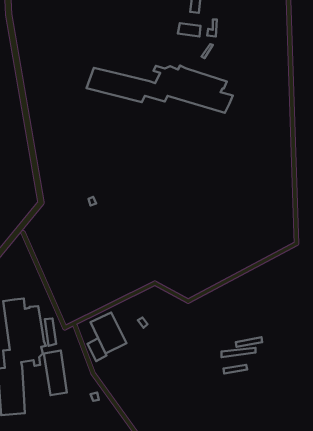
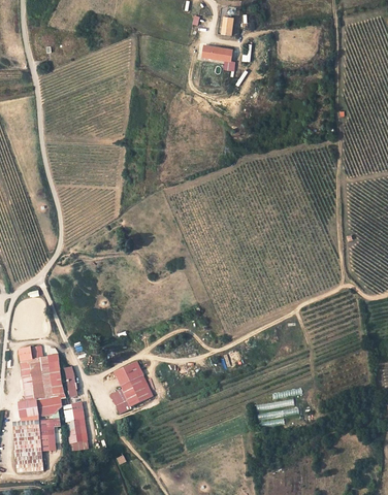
building: [86,65,233,113] -> none
building: none -> [39,418,59,450]

